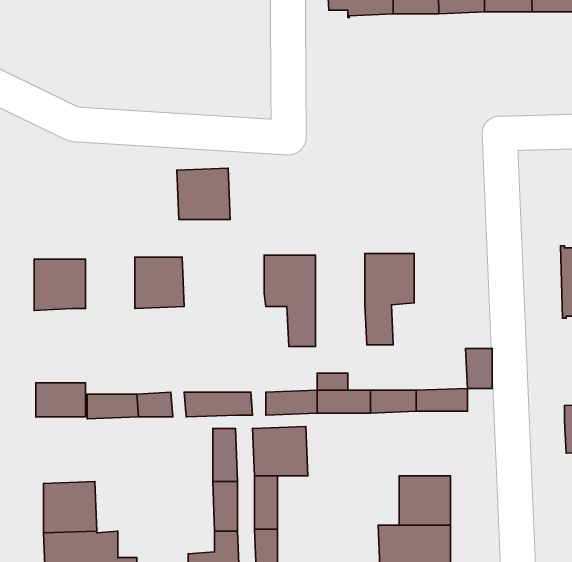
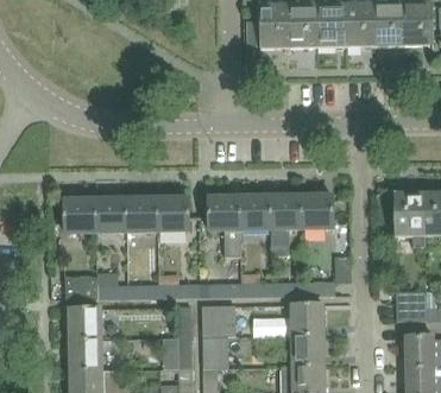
building: [177,168,230,219] -> [157,198,190,230]
building: none -> [302,196,334,228]
building: none -> [240,197,271,229]
building: none -> [96,199,127,232]
building: none -> [291,304,325,336]
building: none -> [69,309,102,341]

